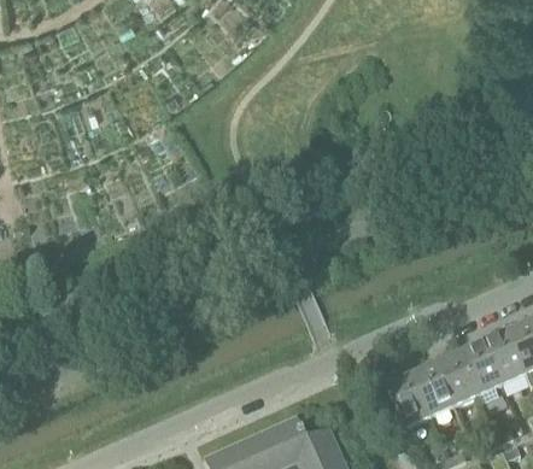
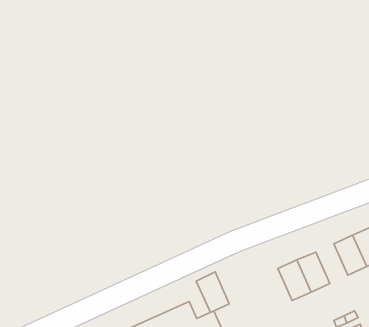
building: [459,342,500,393] -> none
building: [387,374,429,426] -> [196,272,229,312]

